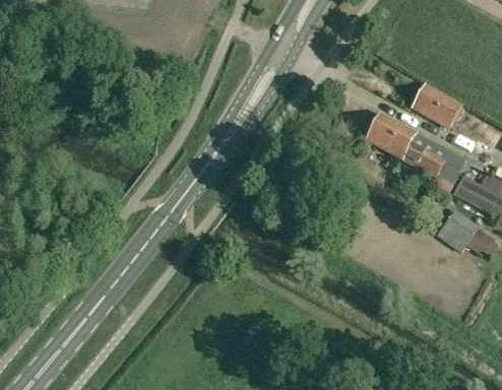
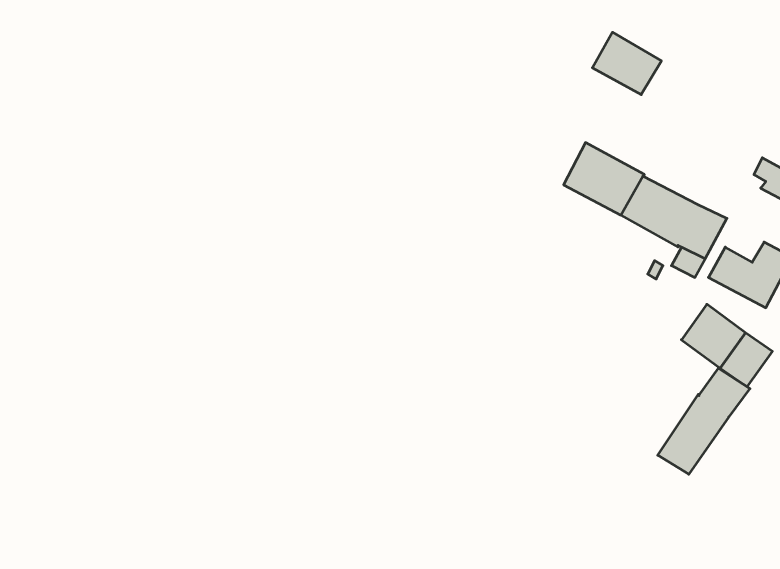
building: [417,86,458,124] -> [592,32,661,95]
building: none -> [658,368,750,474]

